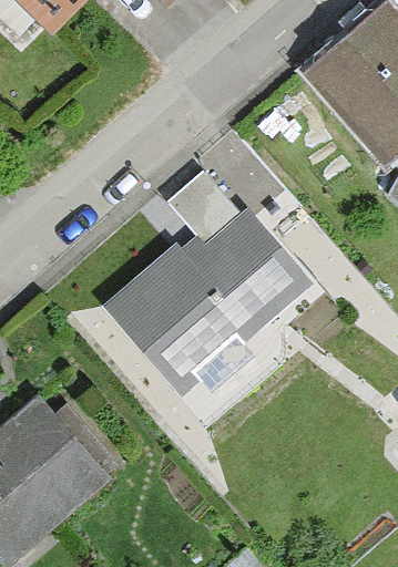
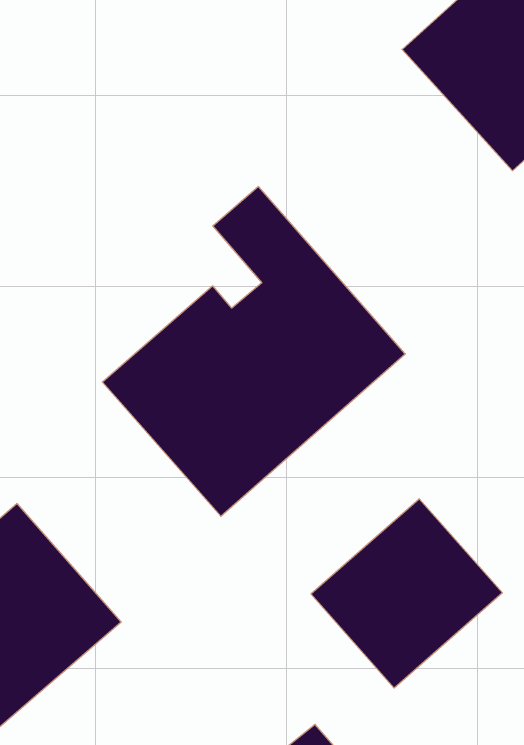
building: none -> [311,499,502,688]

